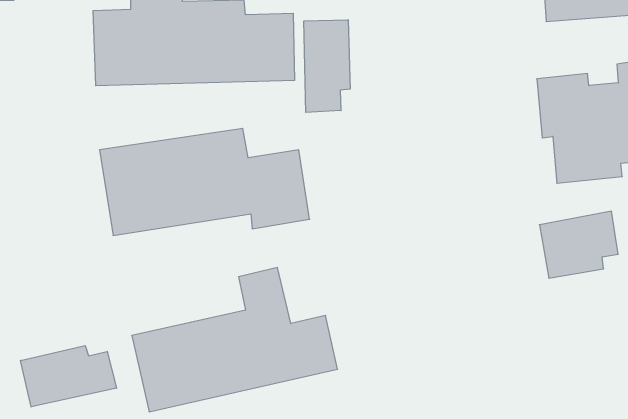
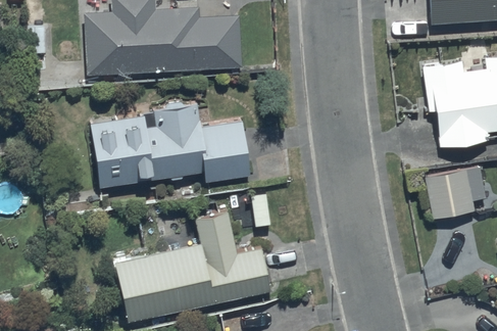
building: [304,20,350,112] -> none
building: [21,346,117,407] -> none

